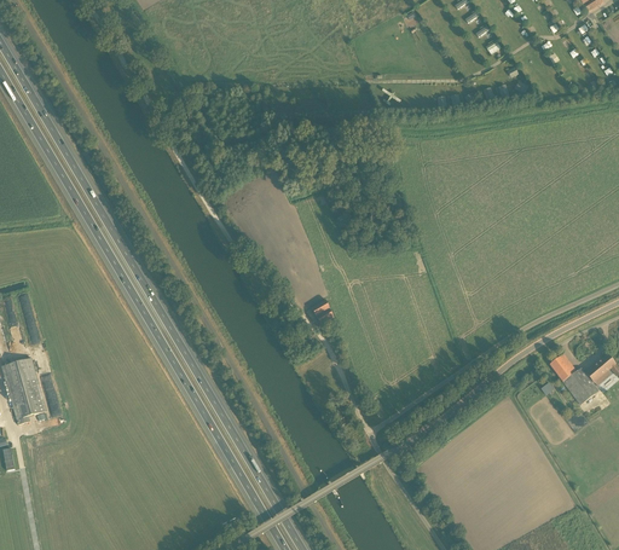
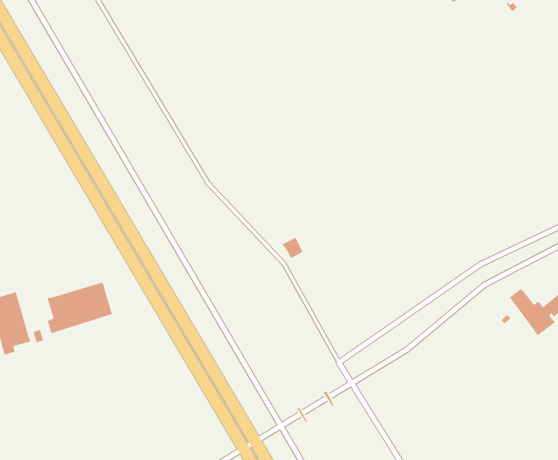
building: none -> [46,281,113,334]

